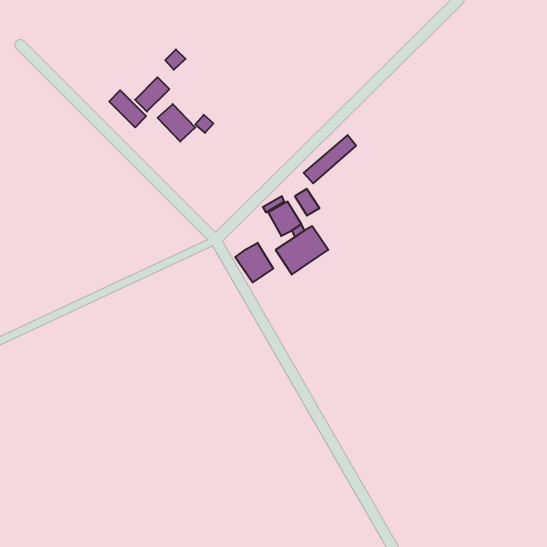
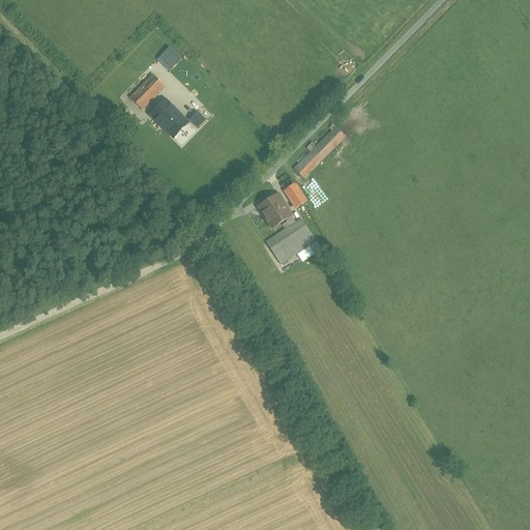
building: [109,90,146,127] -> none
building: [235,243,273,282] -> none

